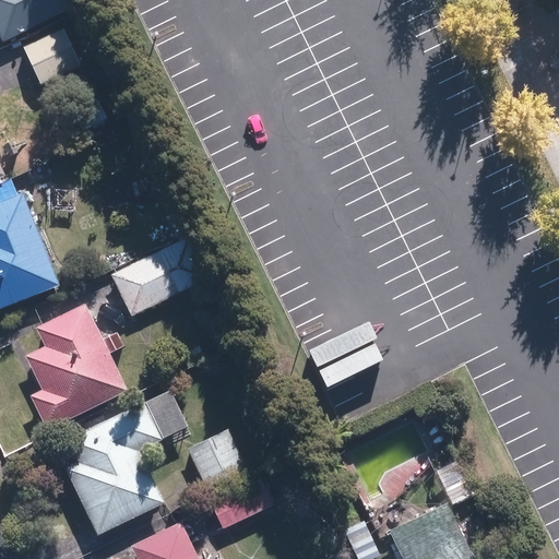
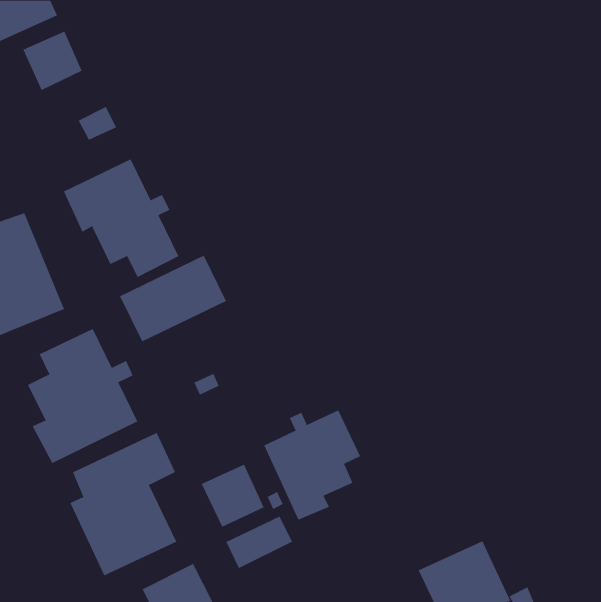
building: none -> [63,158,179,278]
building: none -> [264,410,361,520]

